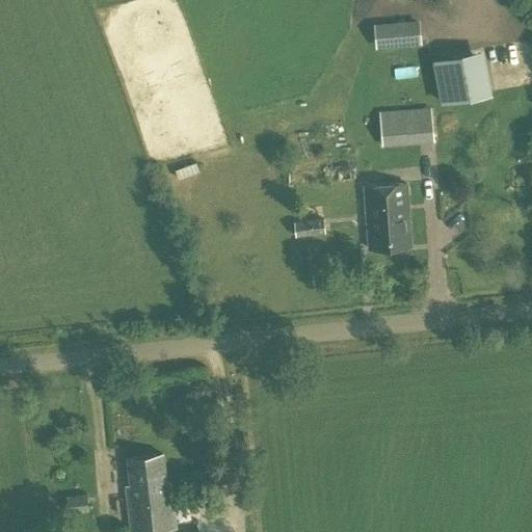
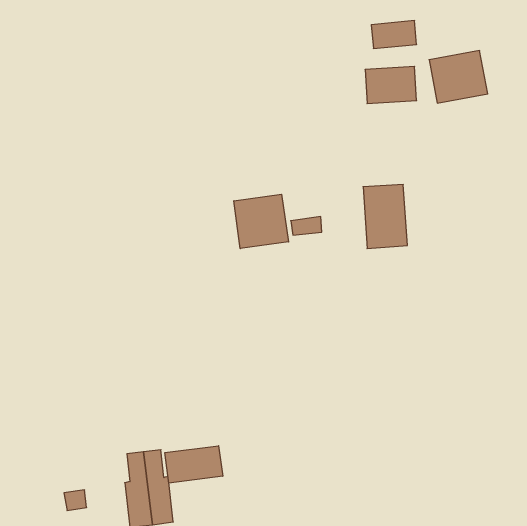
building: [380,110,432,148] -> [365,66,417,104]
building: none -> [234,194,289,249]
building: none -> [165,446,223,483]

